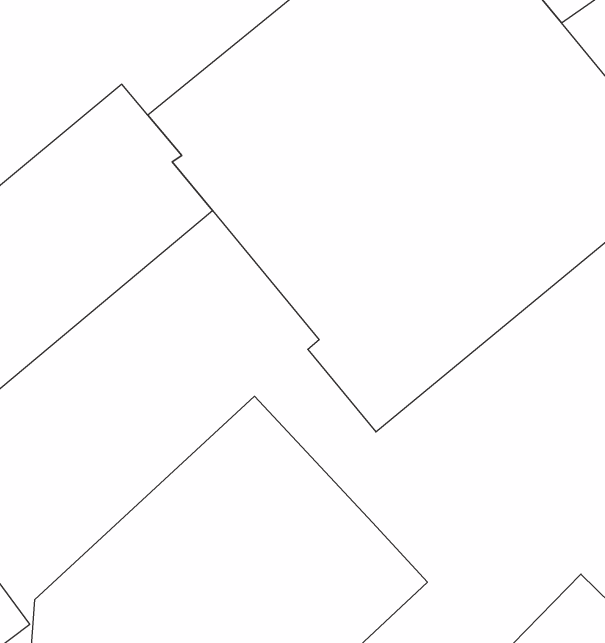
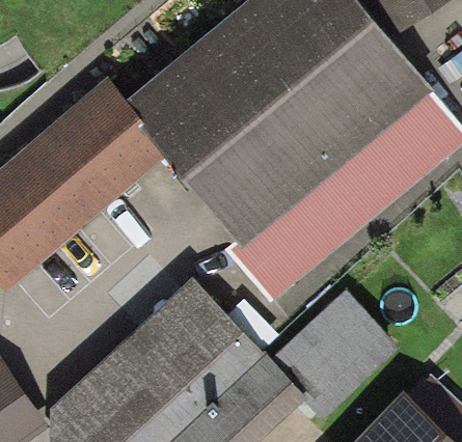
building: none -> [268,289,398,420]

